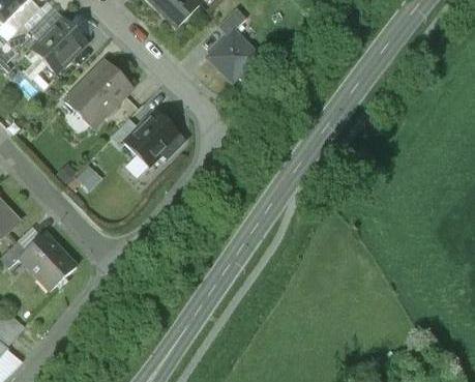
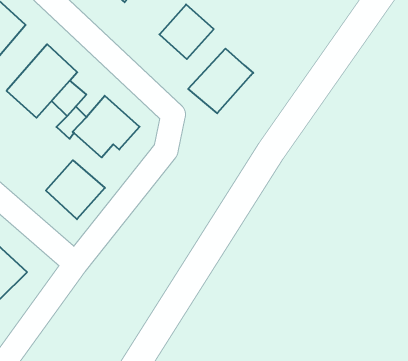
building: none -> [188,49,253,113]
building: none -> [46,160,105,219]

